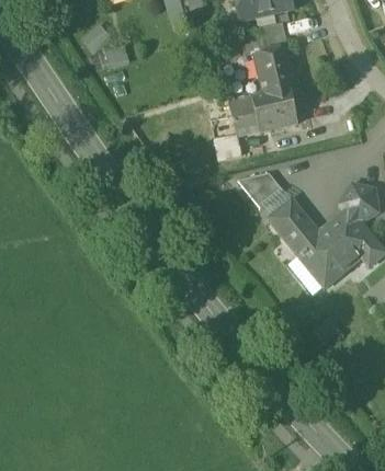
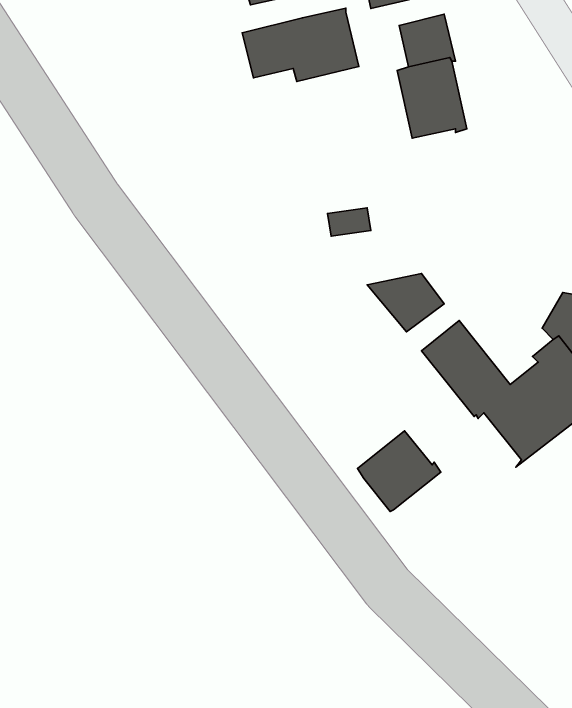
building: [229,88,297,130] -> [242,8,359,82]
building: none -> [357,431,441,511]

